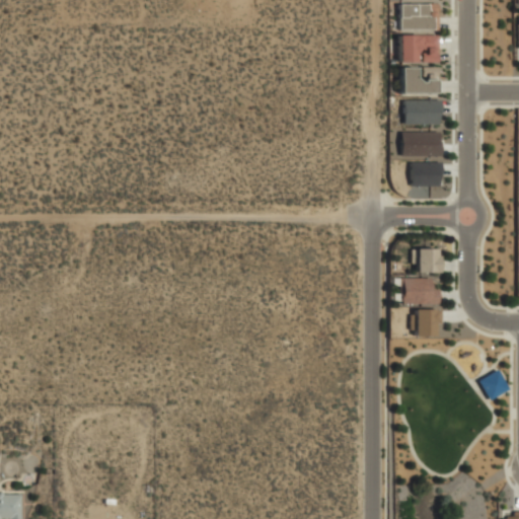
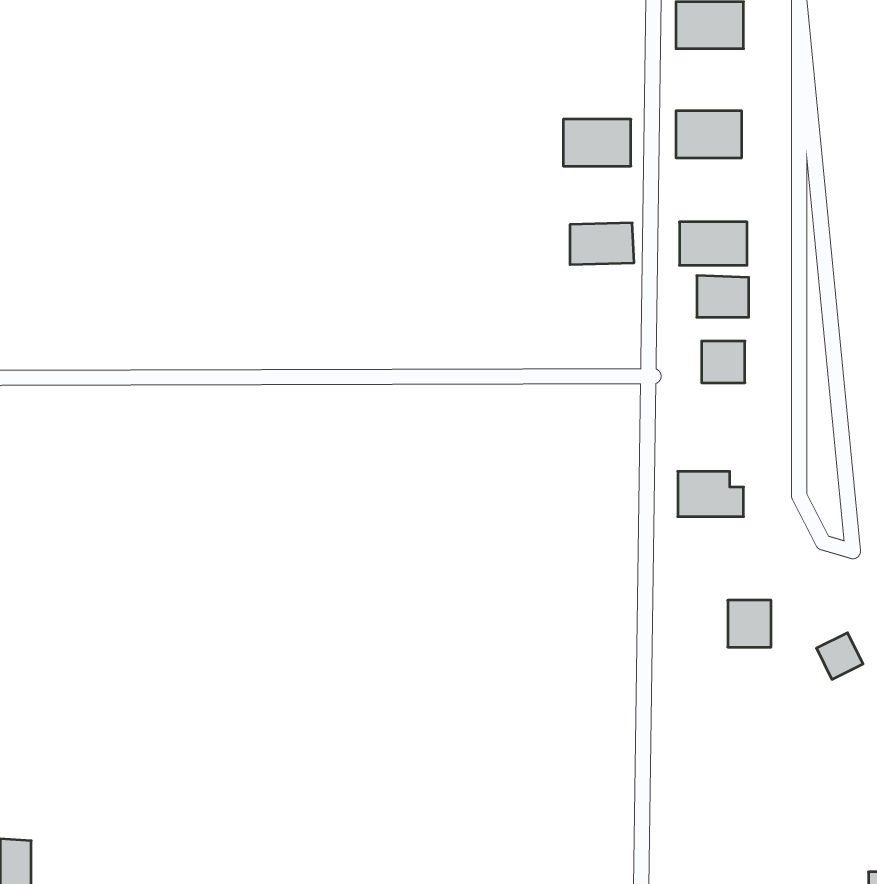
building: [400,34,440,62] -> [563,119,631,166]
building: [405,100,443,125] -> [570,223,634,265]
building: [415,247,440,272] -> [702,341,745,383]
building: [415,308,440,336] -> [728,600,771,647]

